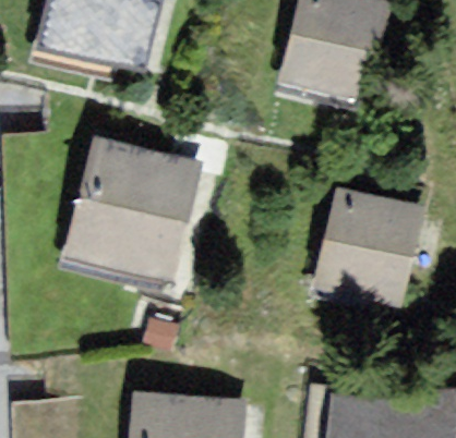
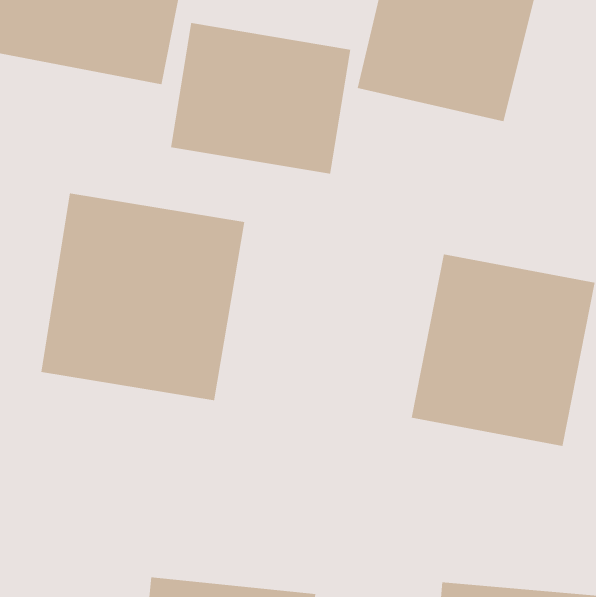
building: none -> [170,22,351,175]

